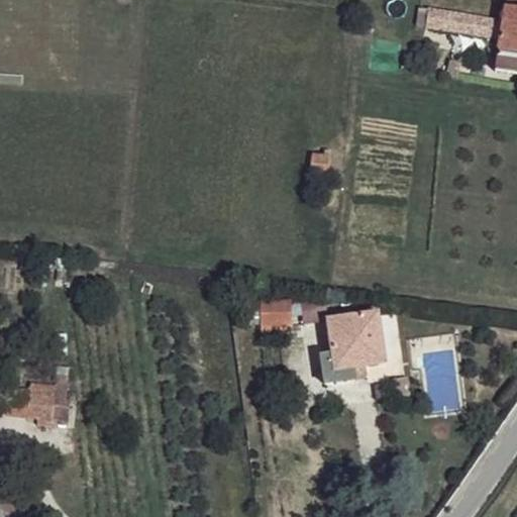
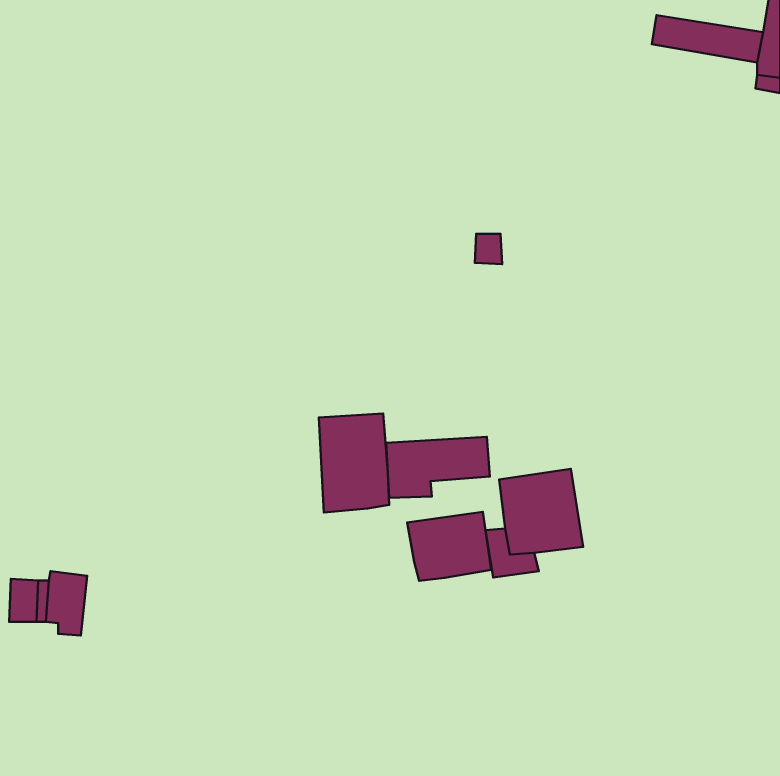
building: none -> [319,414,389,513]
building: none -> [407,512,491,581]

